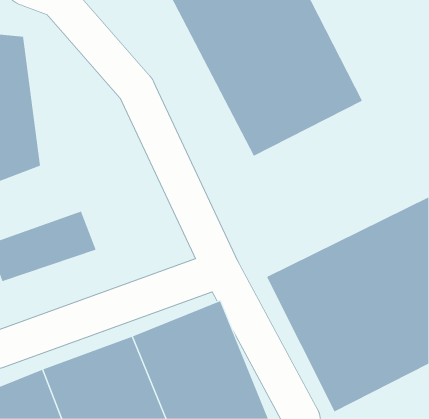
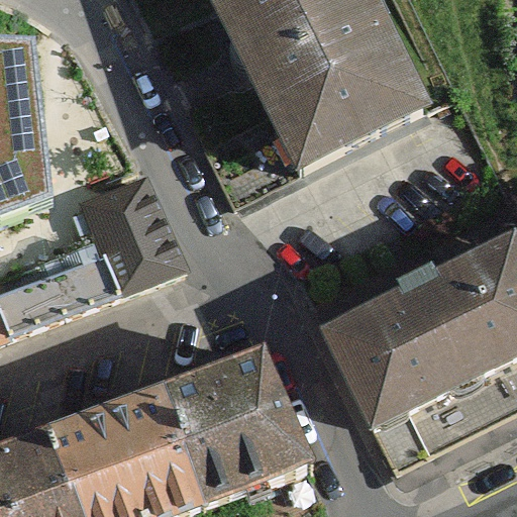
building: none -> [76,170,184,298]

